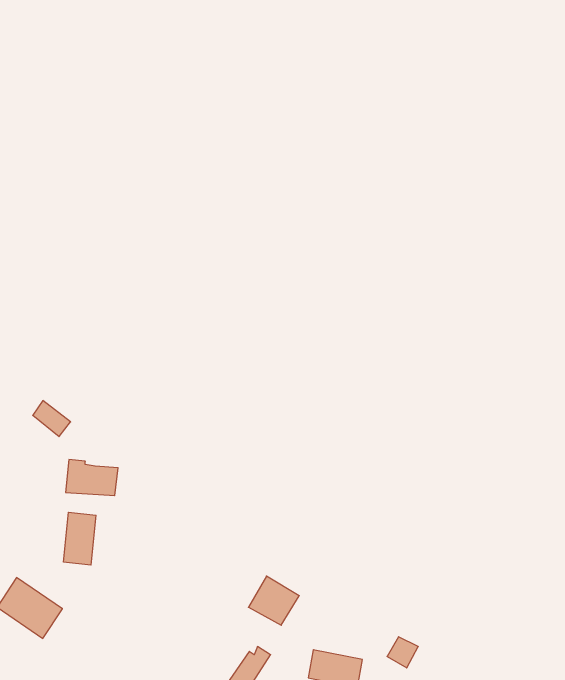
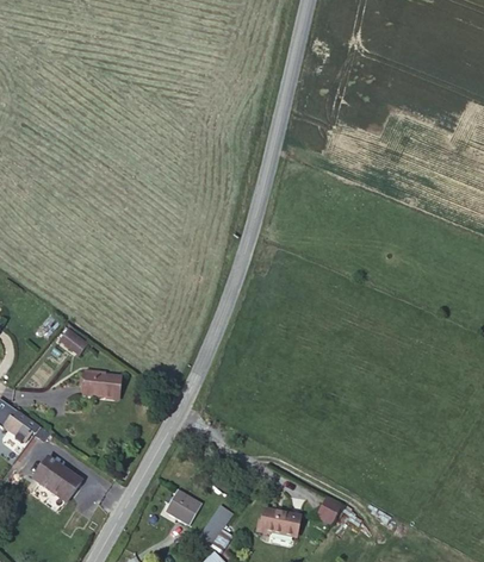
building: [64,512,96,565] -> none
building: [248,576,299,625] -> [165,488,201,524]

